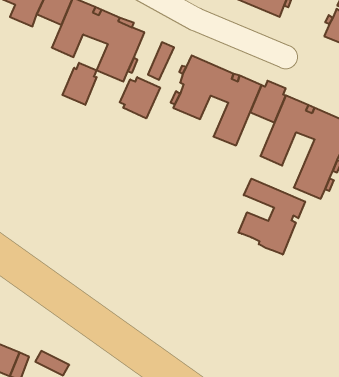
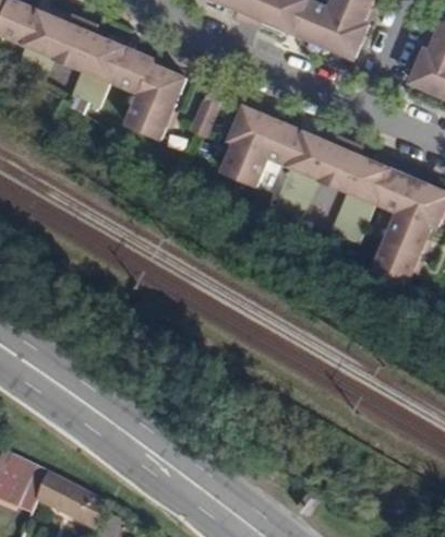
building: [62,63,97,105] -> none
building: [120,77,160,118] -> none
building: [238,179,305,255] -> none

